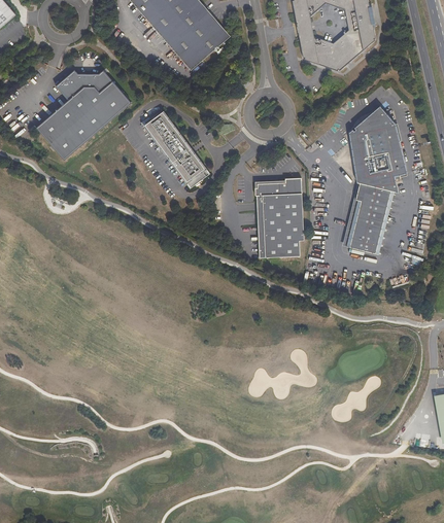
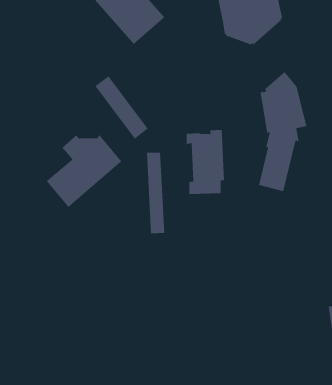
building: [38,67,133,158] -> [46,135,122,208]
building: none -> [146,152,165,234]

